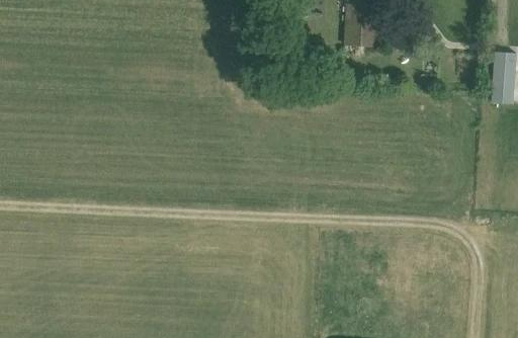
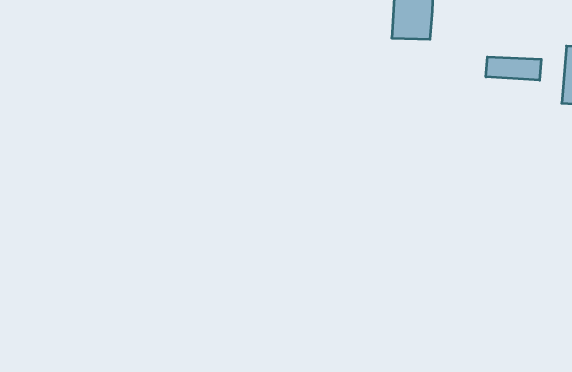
building: none -> [486,57,541,80]

